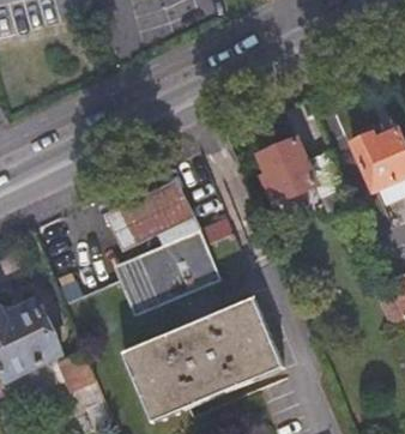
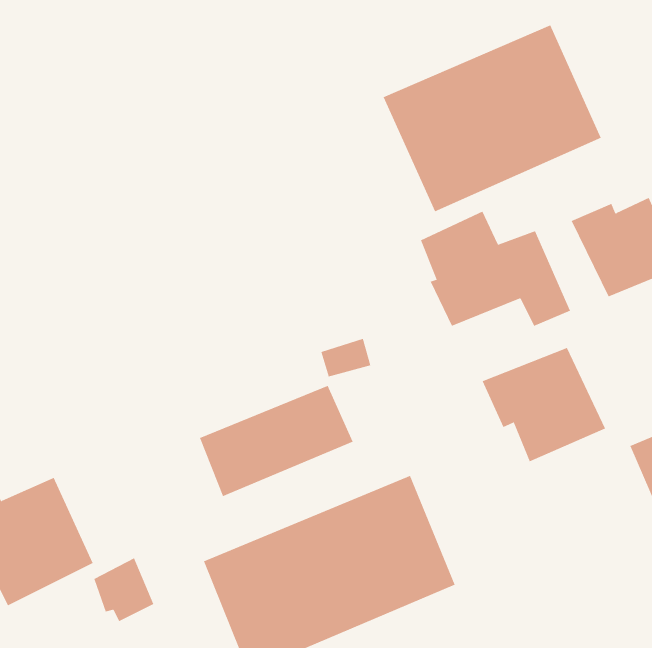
building: none -> [383,24,601,212]
building: [103,179,201,277] -> none
building: none -> [482,347,606,462]

